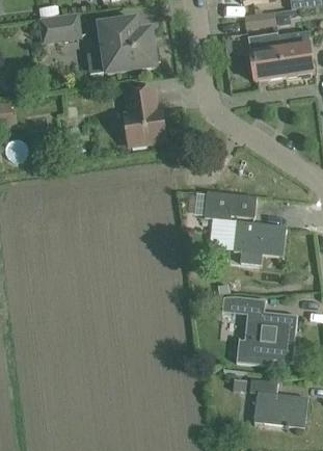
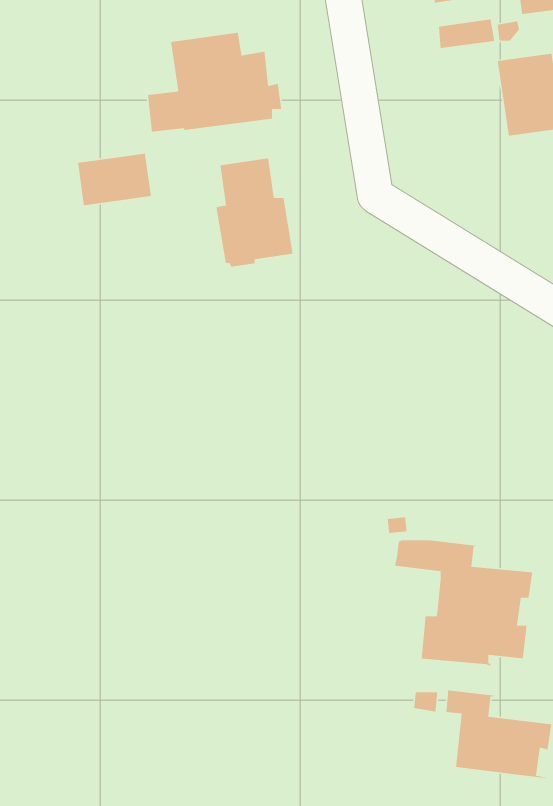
building: [38,12,80,42] -> [76,153,152,206]
building: [249,32,284,81] -> none
building: [204,190,257,219] -> none
building: [233,220,286,264] -> none

